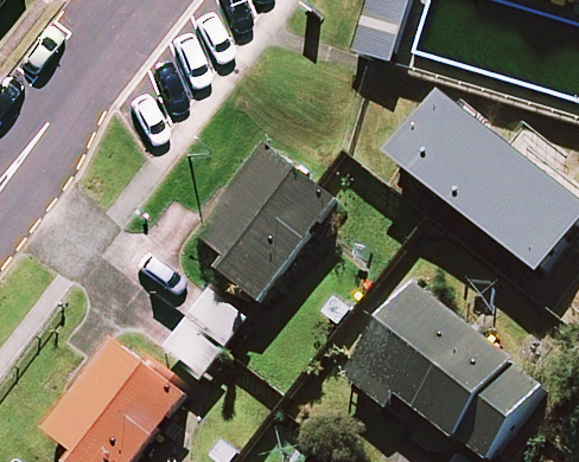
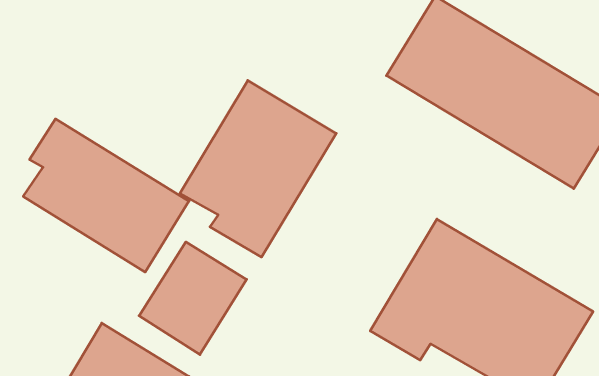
building: none -> [23,119,189,272]

